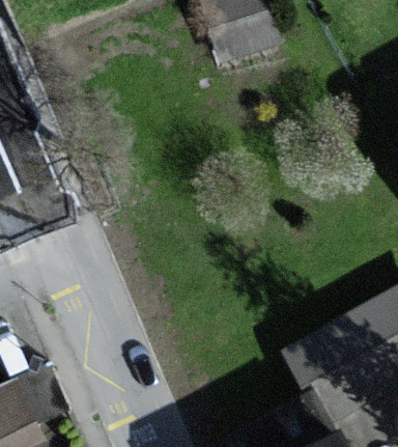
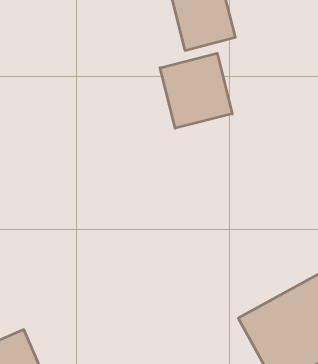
building: none -> [160,53,232,128]

